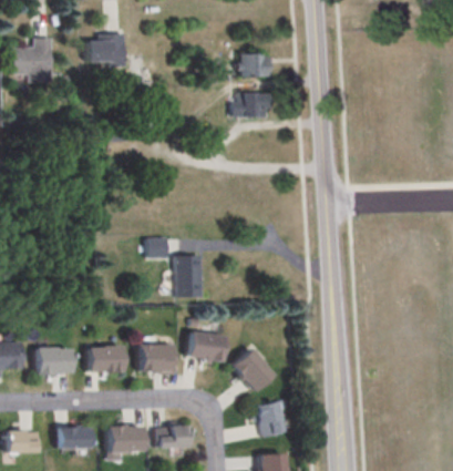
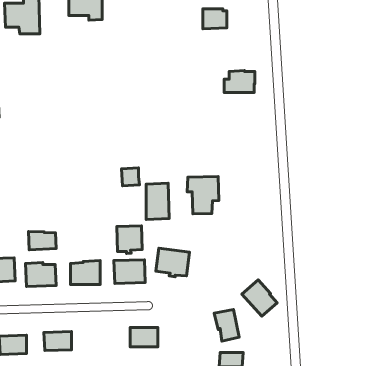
building: [233,92,268,117] -> [224,71,255,93]
building: none -> [187,176,219,214]
building: none -> [117,226,142,254]
building: none -> [28,232,56,250]
building: [231,348,272,390] -> [242,280,277,316]
building: [106,426,143,453] -> none

